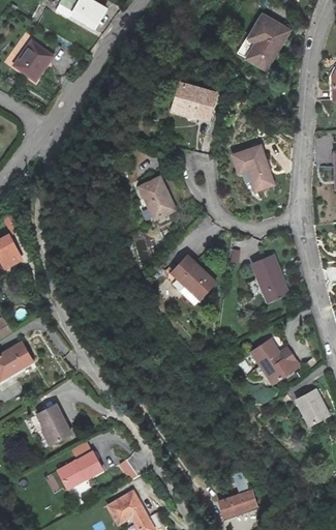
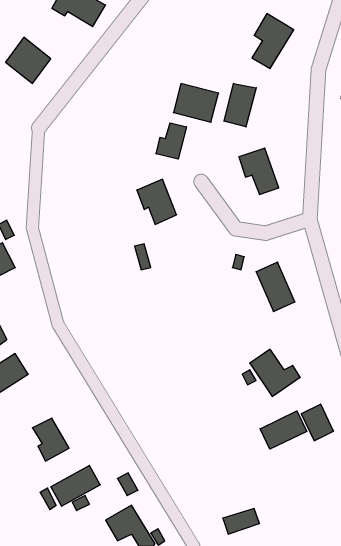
building: none -> [224,83,256,127]
building: none -> [156,123,186,159]
building: [167,256,215,303] -> none
building: none -> [260,411,307,449]

